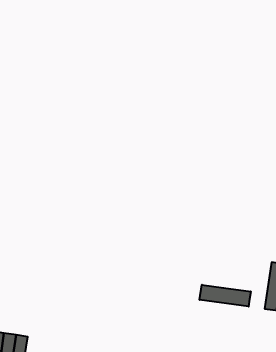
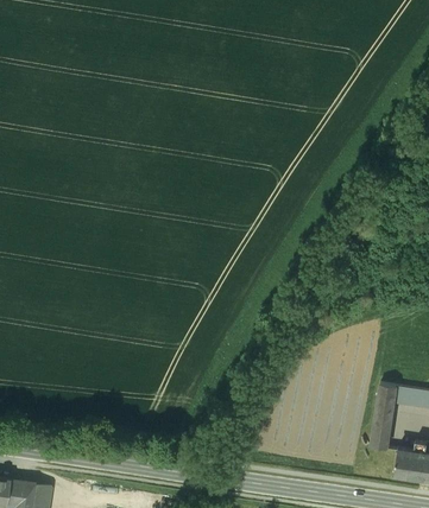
building: [200,285,251,307] -> none

